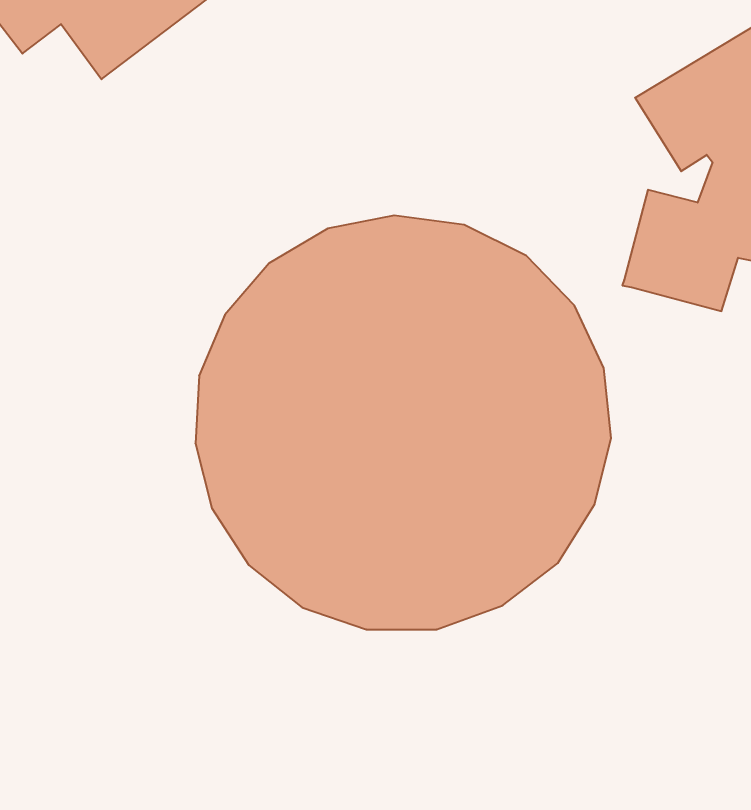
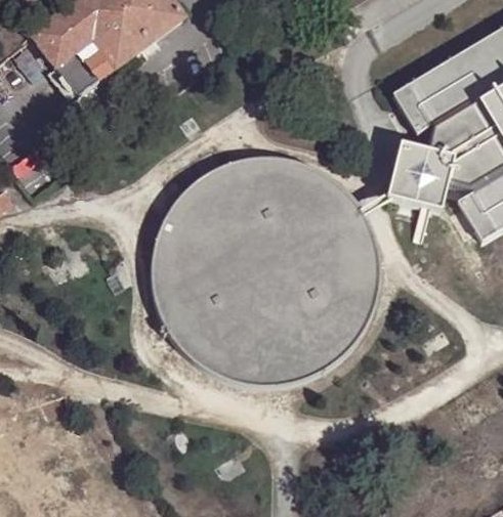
building: none -> [54,49,98,95]

